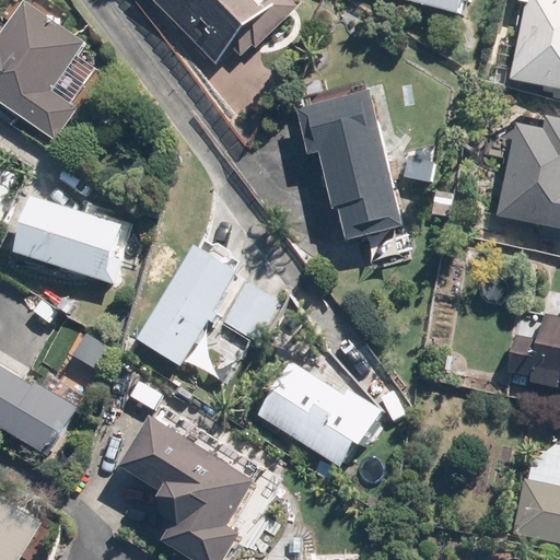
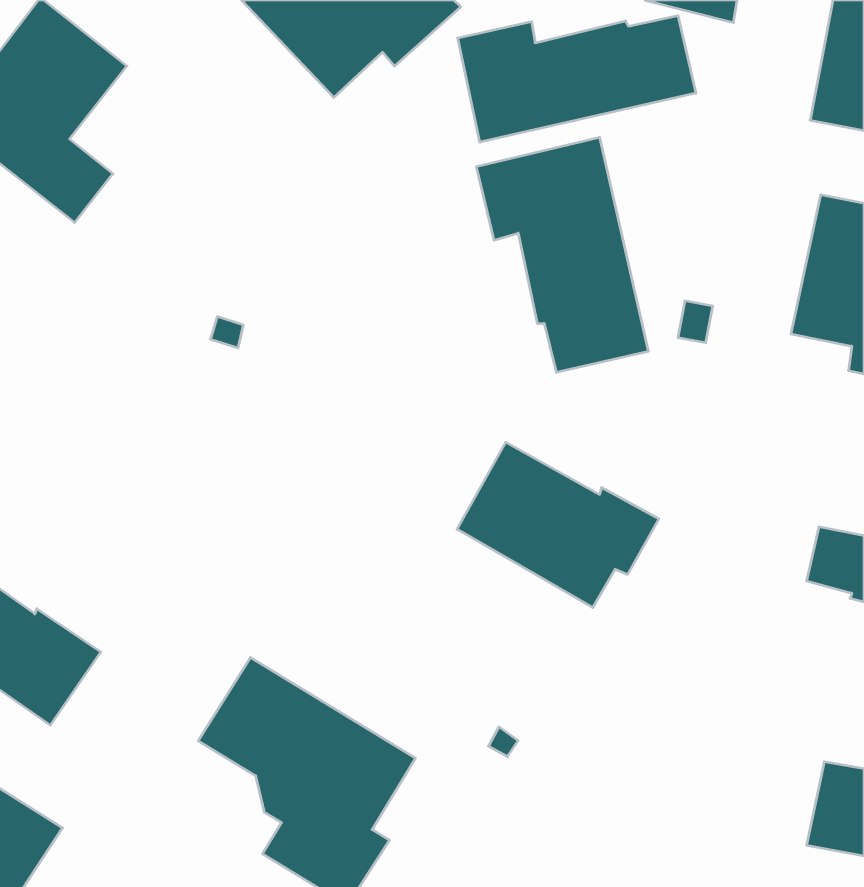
building: none -> [458,16,696,142]
building: [20,196,119,284] -> none
building: [137,244,273,363] -> none
building: [258,360,385,464] -> [457,442,659,608]

